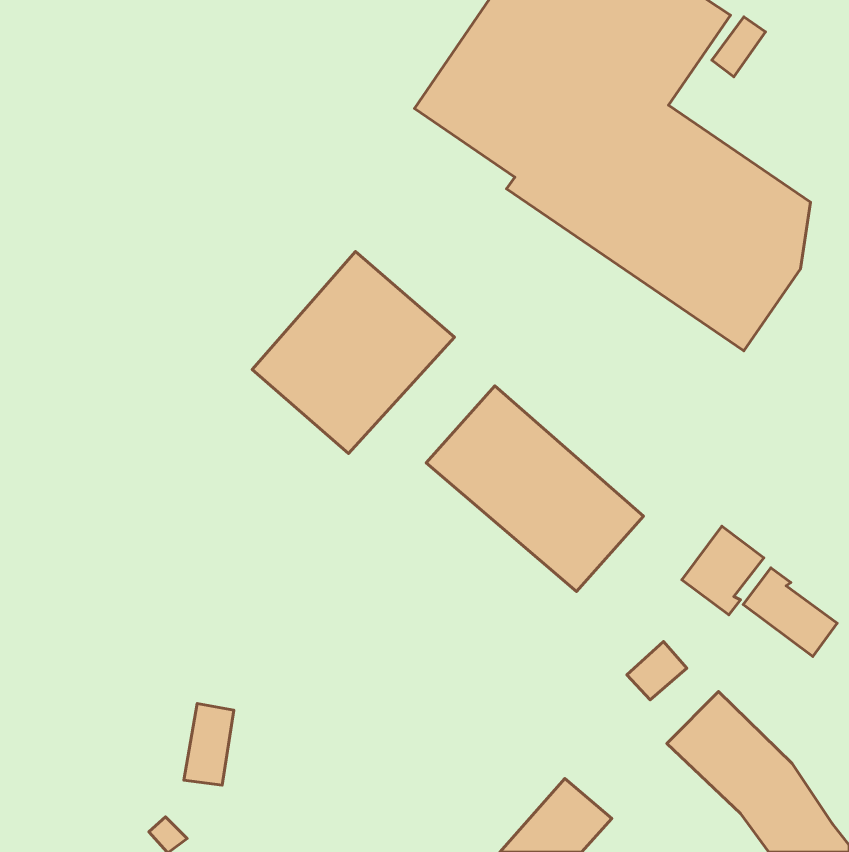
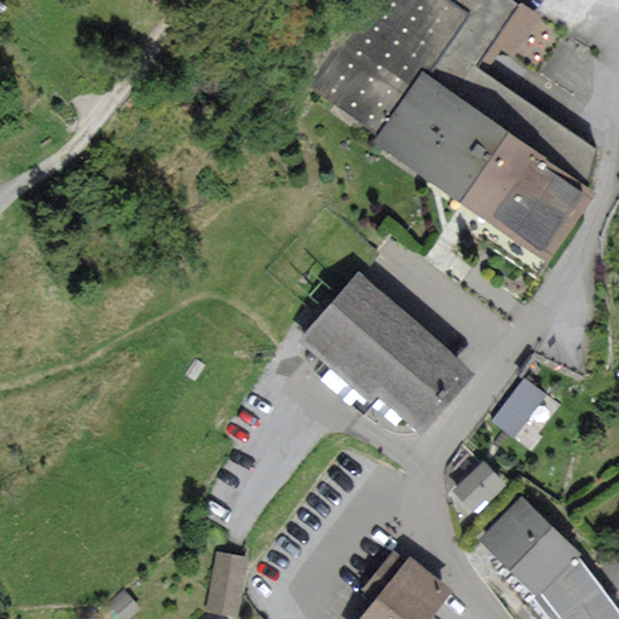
building: [252,252,454,454] -> none
building: [743,568,837,657] -> none
building: [184,703,234,785] -> [207,553,243,612]

